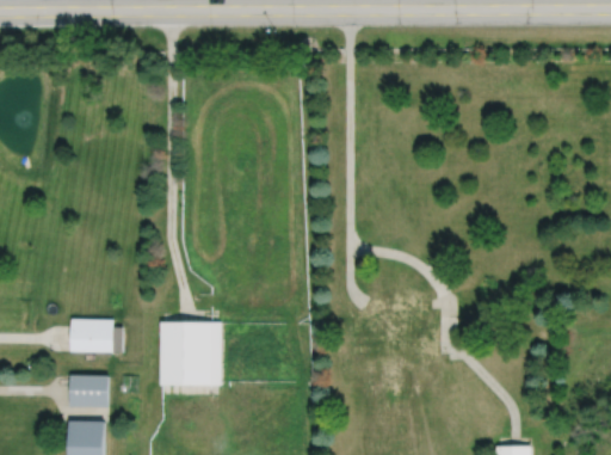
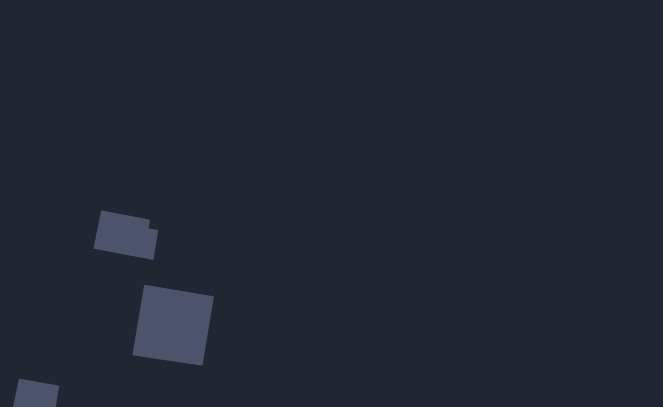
building: [69,320,122,355] -> [93,210,159,261]
building: [69,374,109,406] -> none

